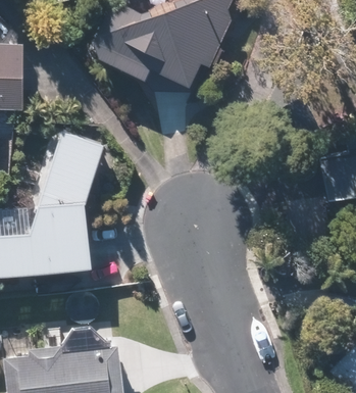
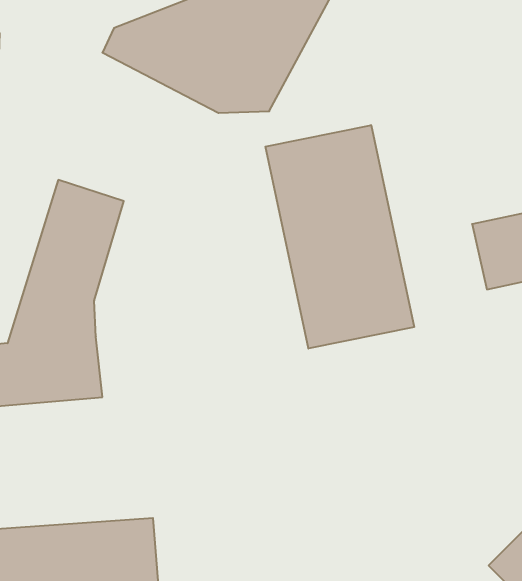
building: none -> [265,125,414,349]

